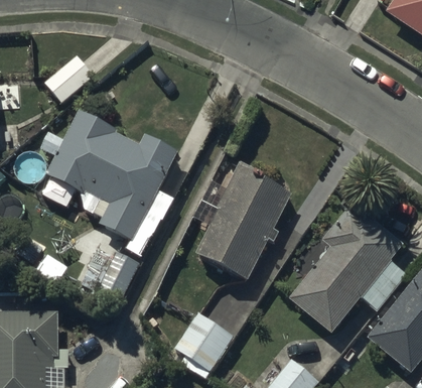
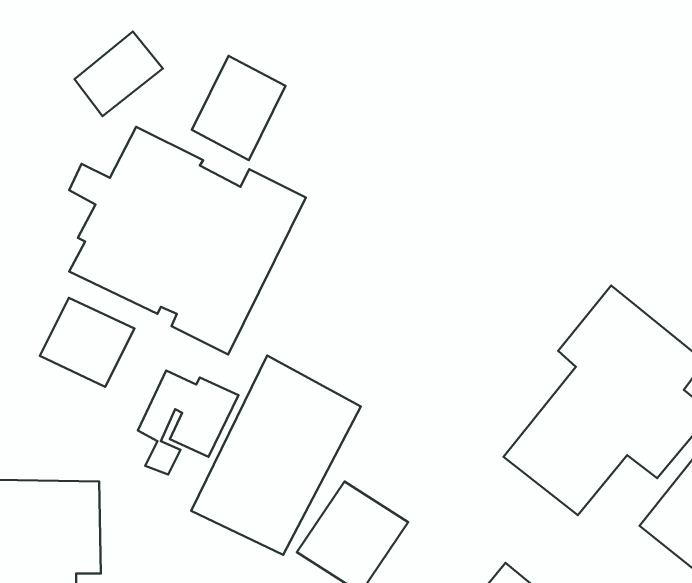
building: none -> [192,56,285,160]
building: [195,164,292,278] -> [191,355,361,555]
building: none -> [40,298,134,387]

